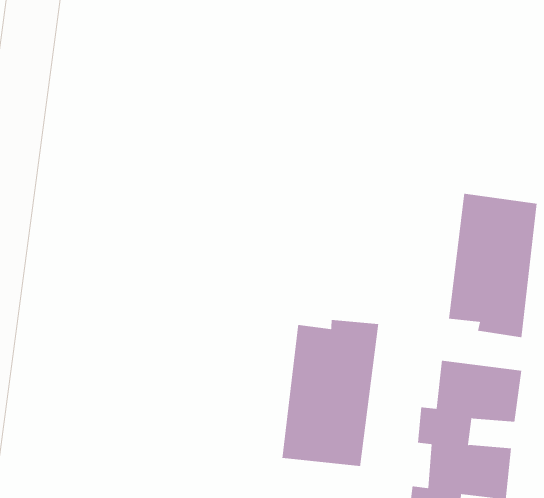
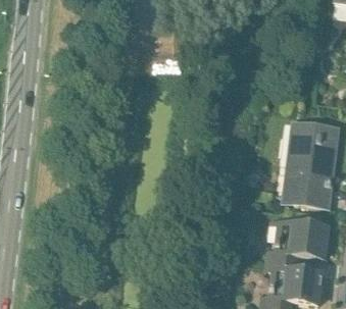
building: [282,319,379,467] -> none

